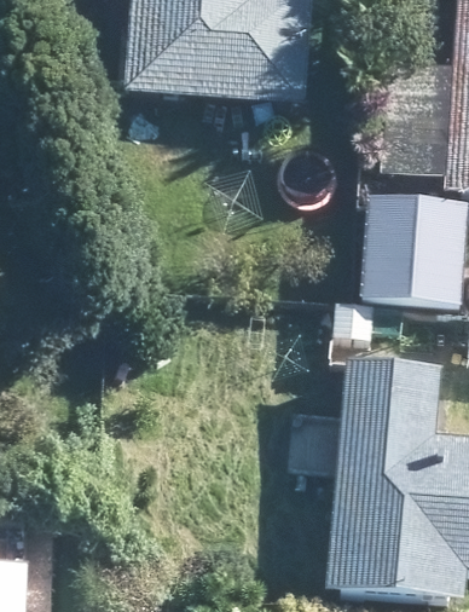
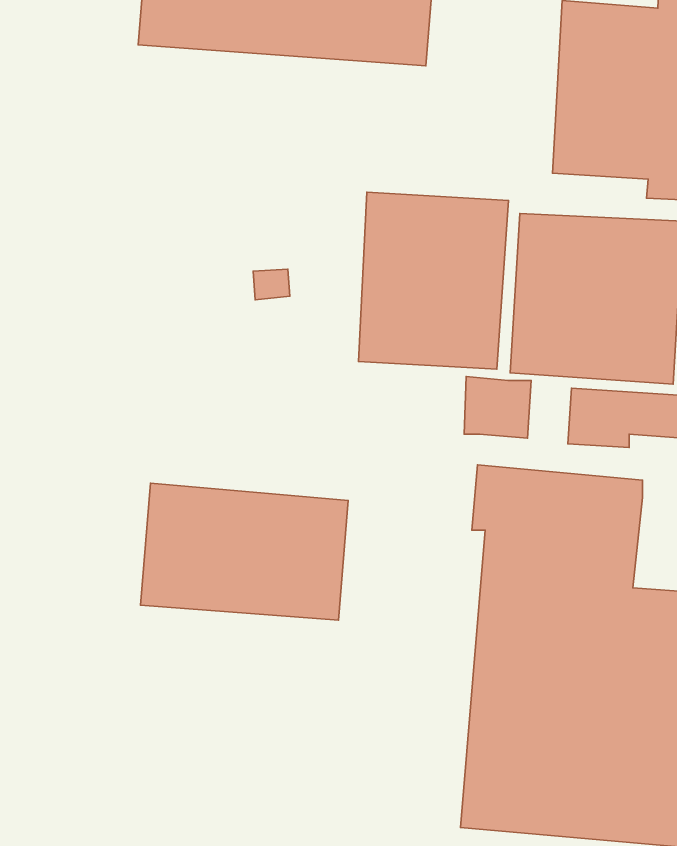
building: none -> [358,192,508,369]
building: none -> [141,483,348,620]

